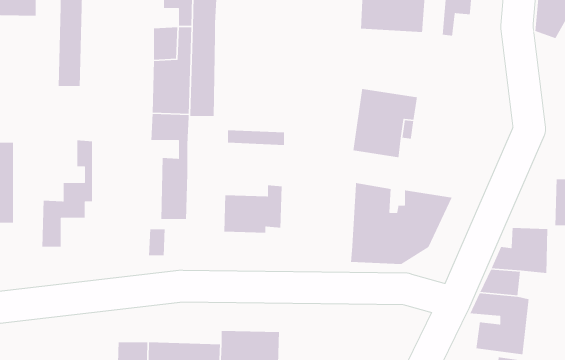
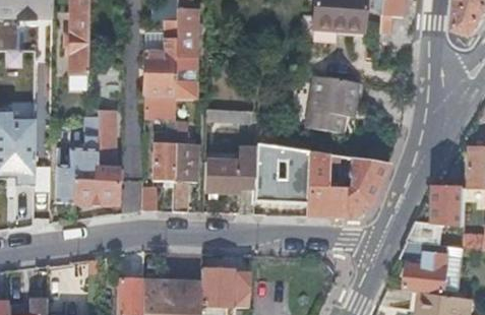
building: none -> [72,113,118,205]
building: none -> [173,120,197,211]
building: none -> [254,148,310,202]

